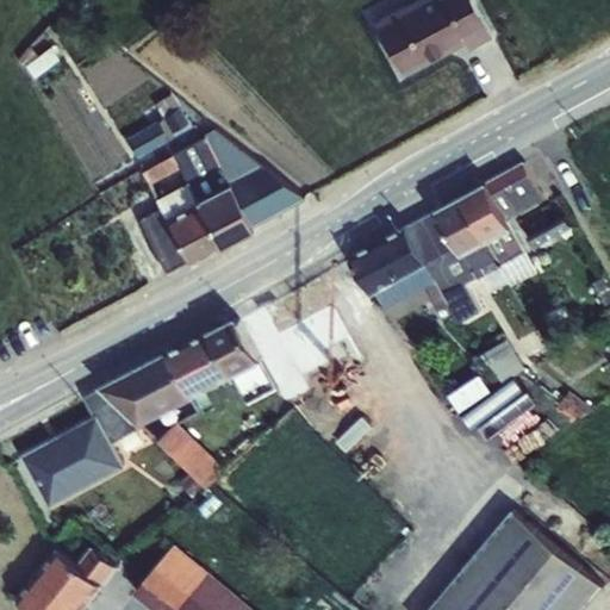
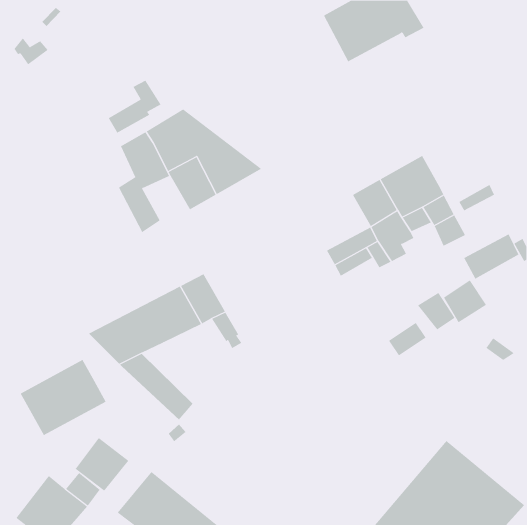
building: [486,164,542,222] -> none
building: [164,207,218,264] -> none
building: [350,229,427,295] -> none
building: none -> [463,234,519,279]
building: none -> [443,280,487,323]
building: [83,388,139,443] -> none
building: none -> [75,437,129,491]

